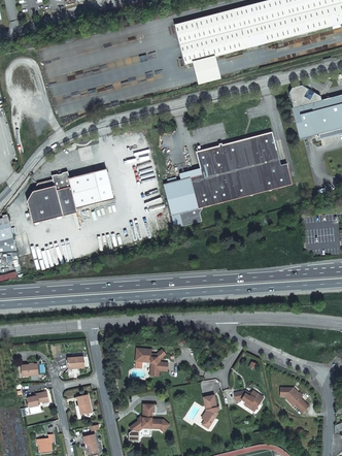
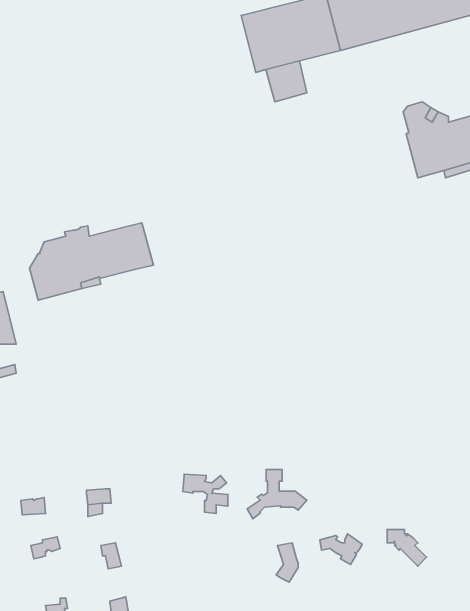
building: [165,131,294,227] -> none
building: [126,403,168,438] -> [247,469,307,519]

